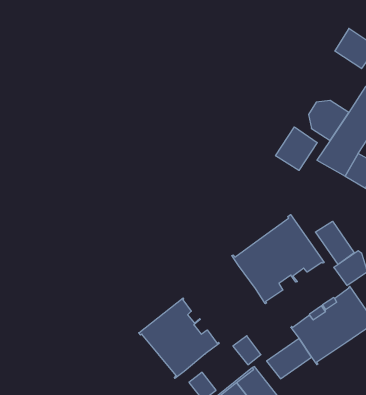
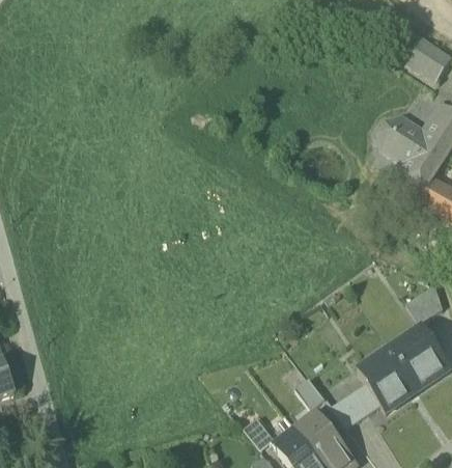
building: [276,127,317,170] -> none
building: [232,215,324,304] -> none
building: [315,221,354,265] -> none
building: [139,298,219,378] -> none

